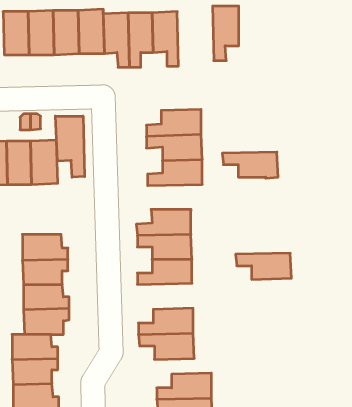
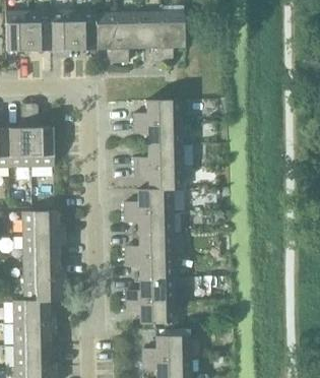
building: [213,6,239,61] -> [159,12,183,61]
building: [55,116,85,177] -> none
building: [222,152,278,178] -> [133,167,183,190]
building: [236,253,291,279] -> [124,255,174,278]

